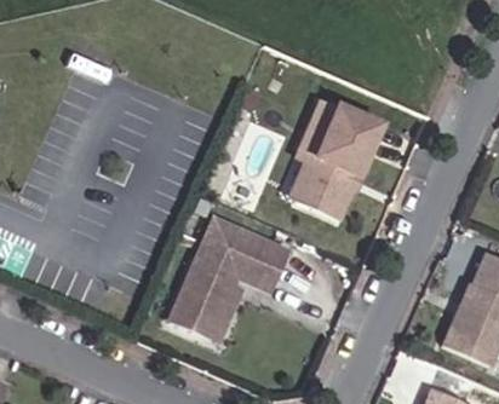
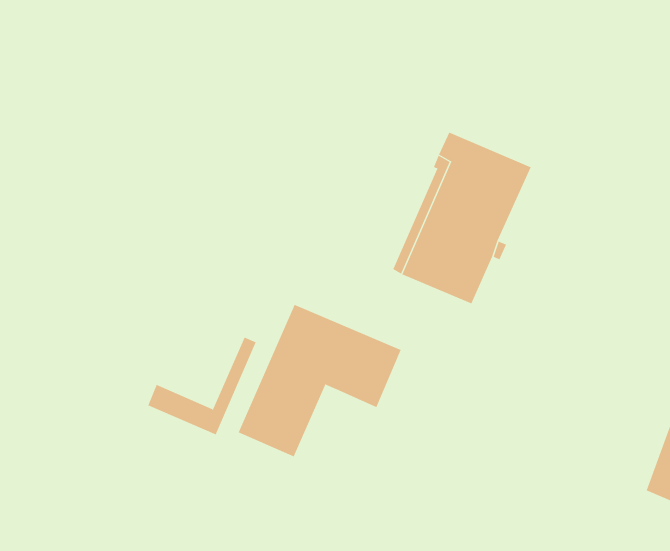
building: [173,275,248,342] -> [147,337,257,435]

